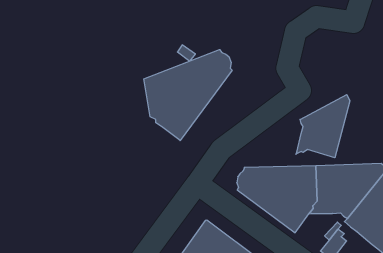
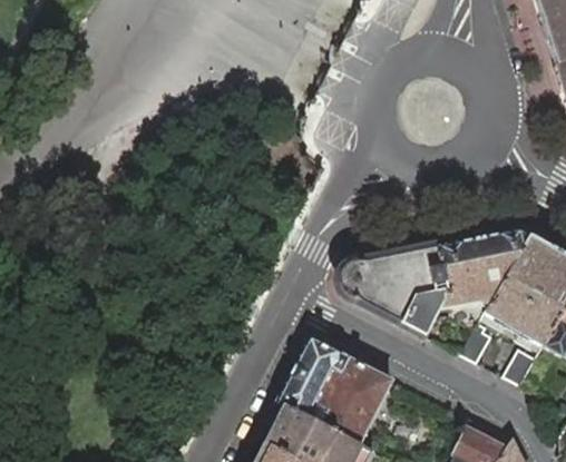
building: [144,50,232,141] -> none
building: [296,95,350,158] -> none

